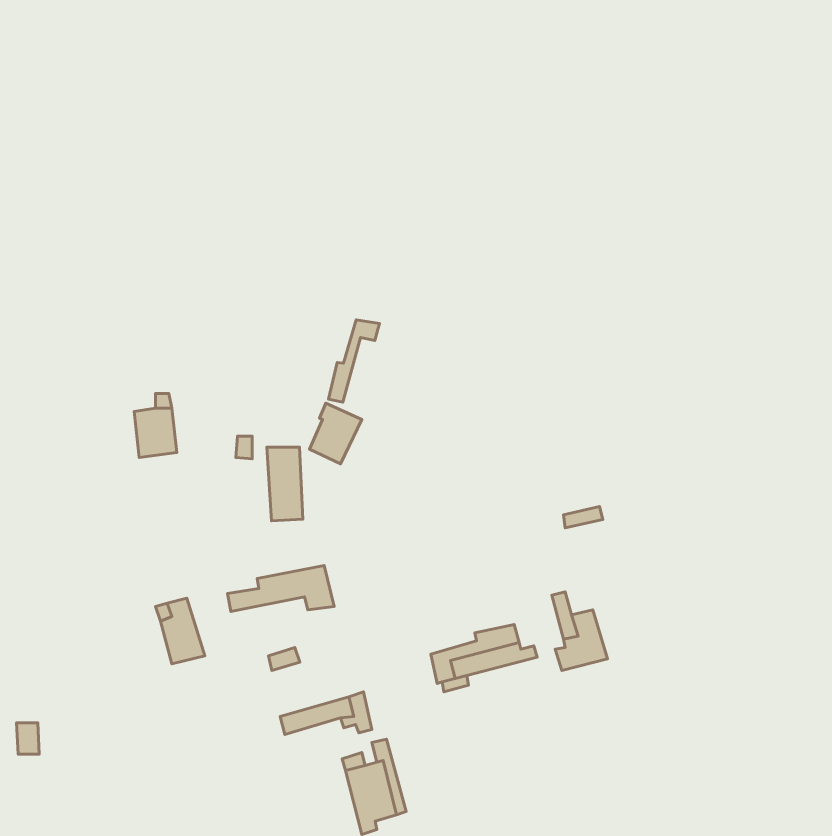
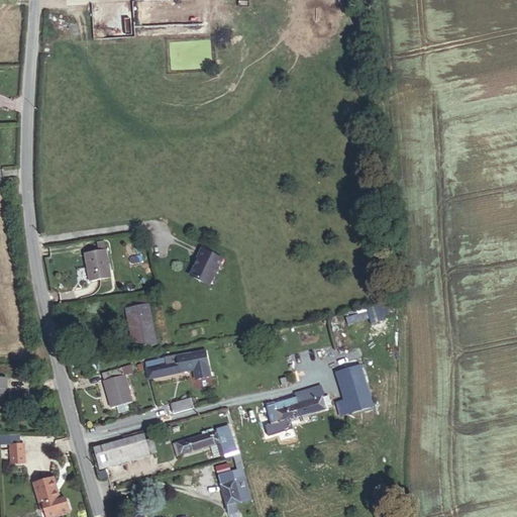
building: [329,320,380,402] -> none
building: [267,447,303,521] -> [124,302,146,347]
building: none -> [91,433,150,471]
building: none -> [32,470,67,511]

